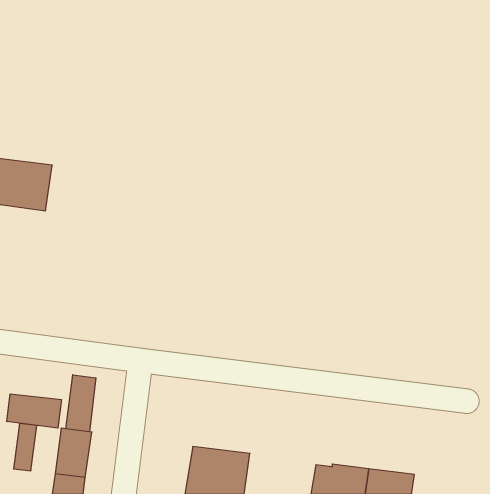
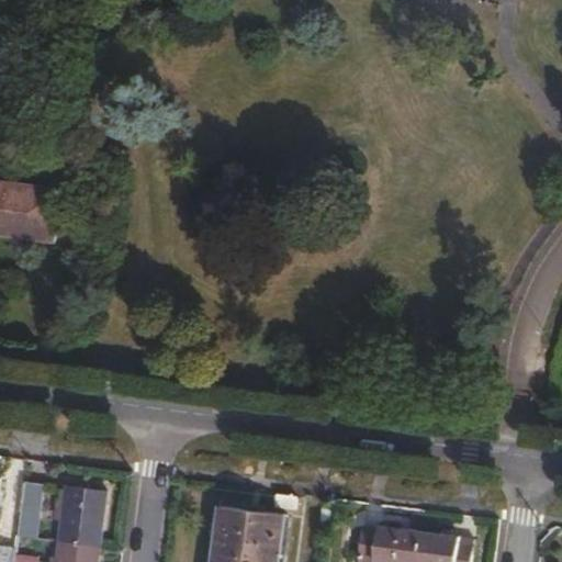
building: [66,375,96,432] -> none
building: [7,394,61,428] -> none

